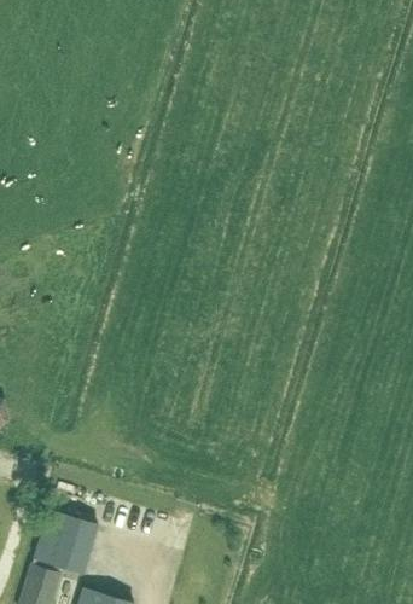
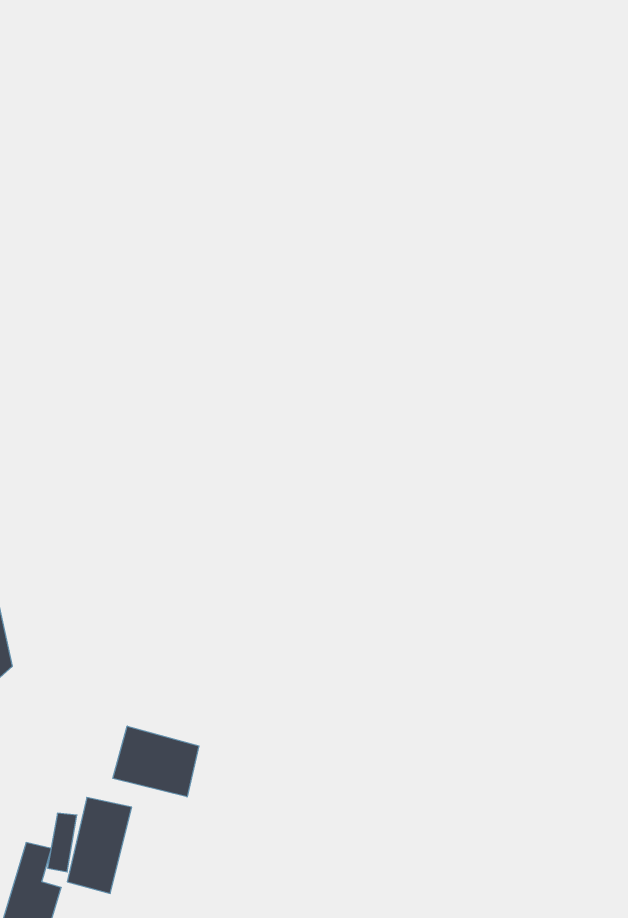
building: none -> [113,726,199,797]

